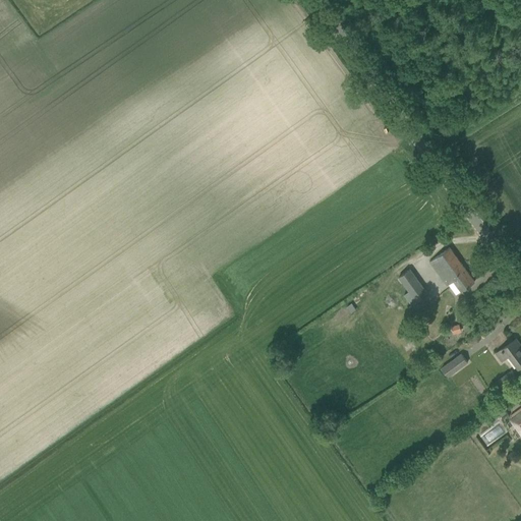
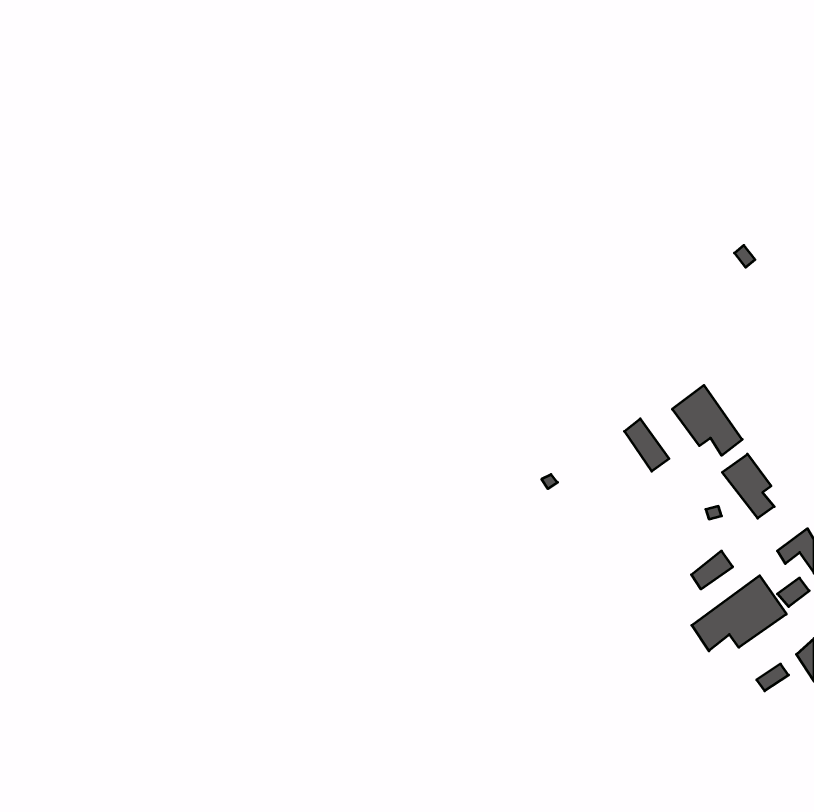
building: none -> [722,454,774,518]
building: none -> [692,576,786,651]

